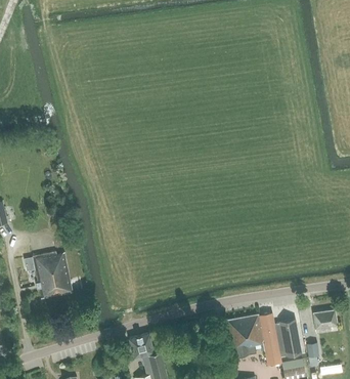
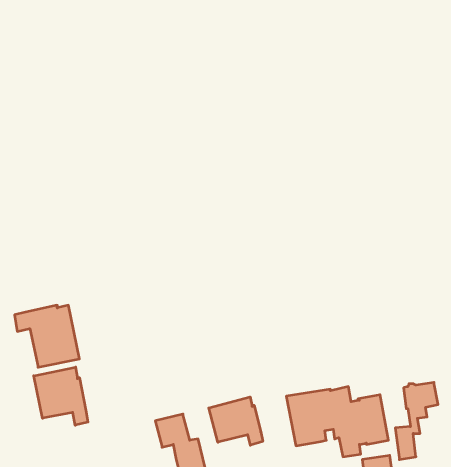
building: none -> [34,367,88,425]
building: none -> [209,397,263,445]

